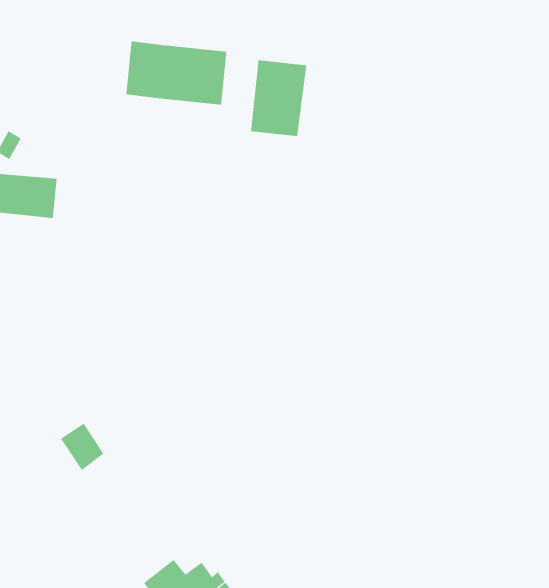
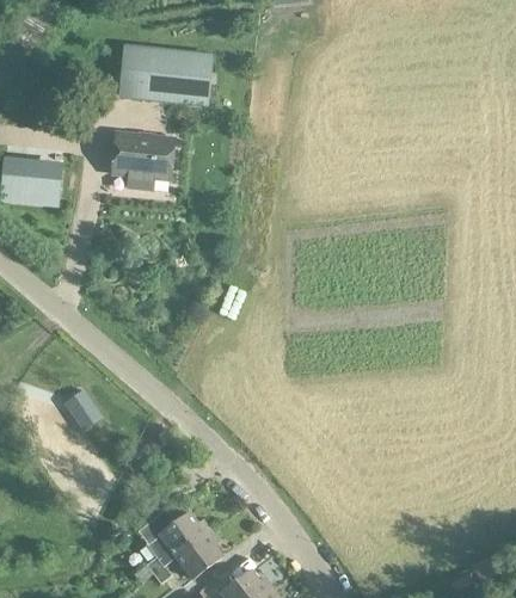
building: [250,60,307,137] -> none
building: none -> [112,132,173,179]

